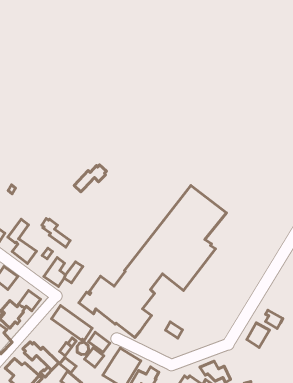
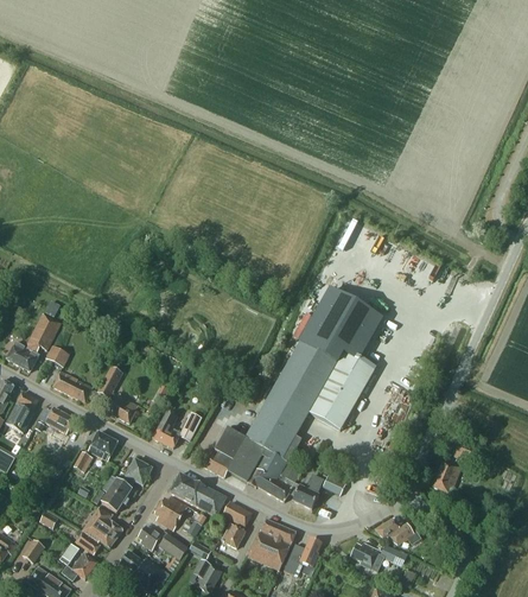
building: [74,165,107,192] -> none
building: [42,218,70,247] -> none
building: none -> [290,474,323,508]
building: none -> [154,495,187,529]

